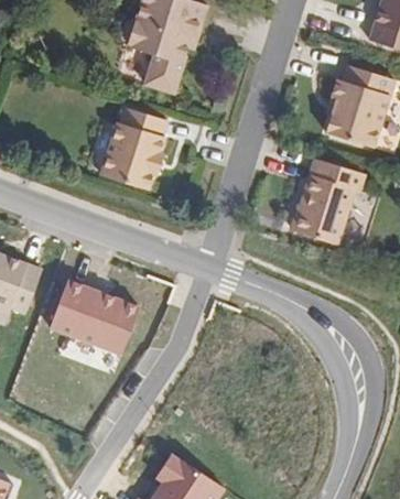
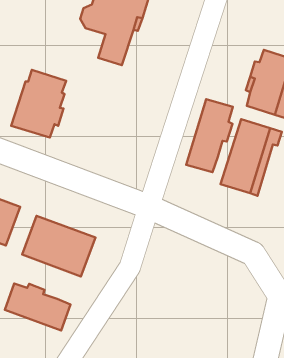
building: [98,110,165,193] -> [11,70,66,138]
building: none -> [186,99,233,172]
building: none -> [5,284,70,330]

